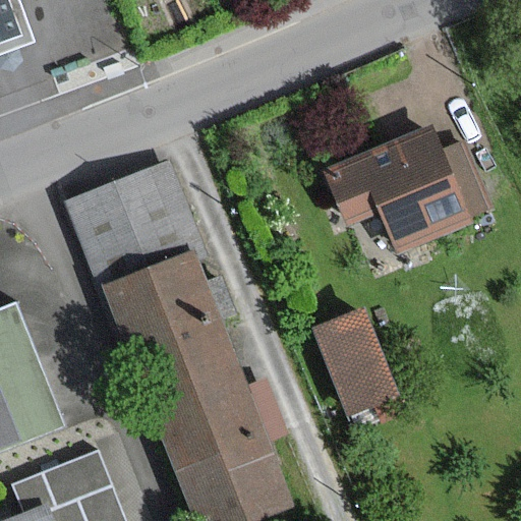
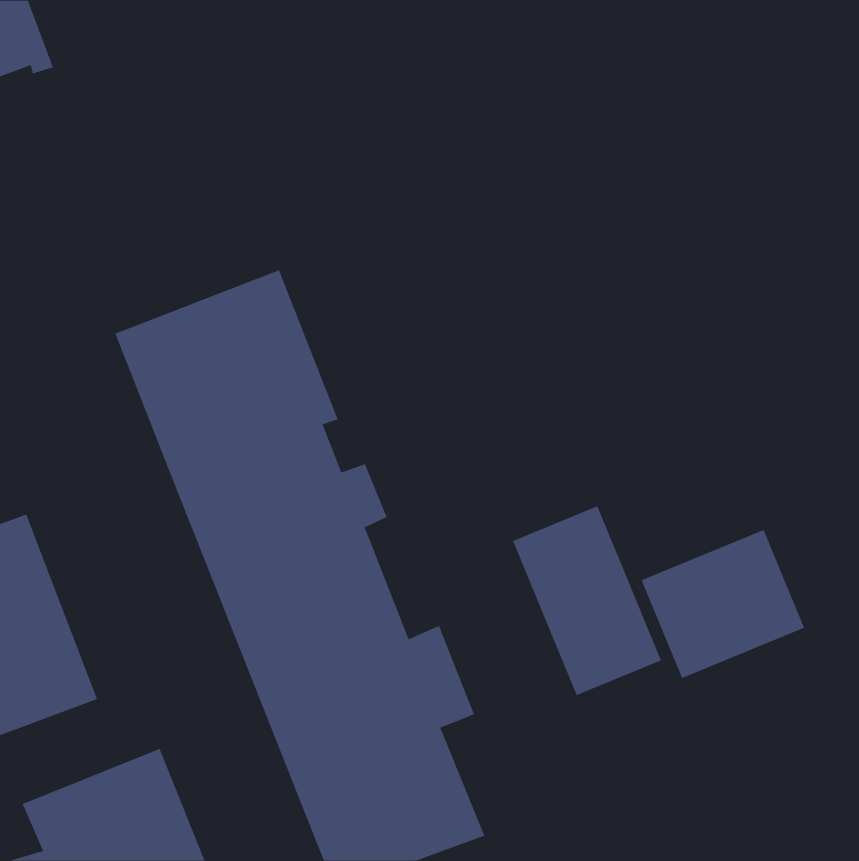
building: [324,124,493,249] -> none
building: none -> [641,529,805,679]

